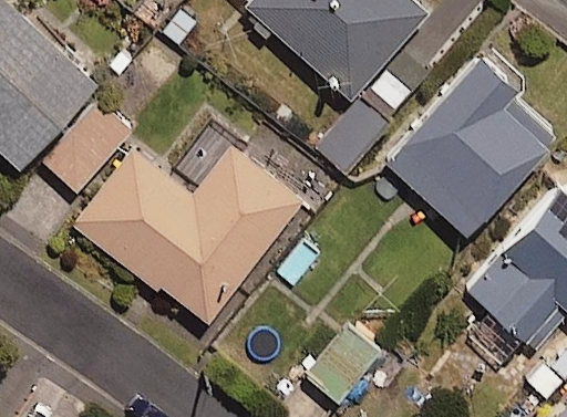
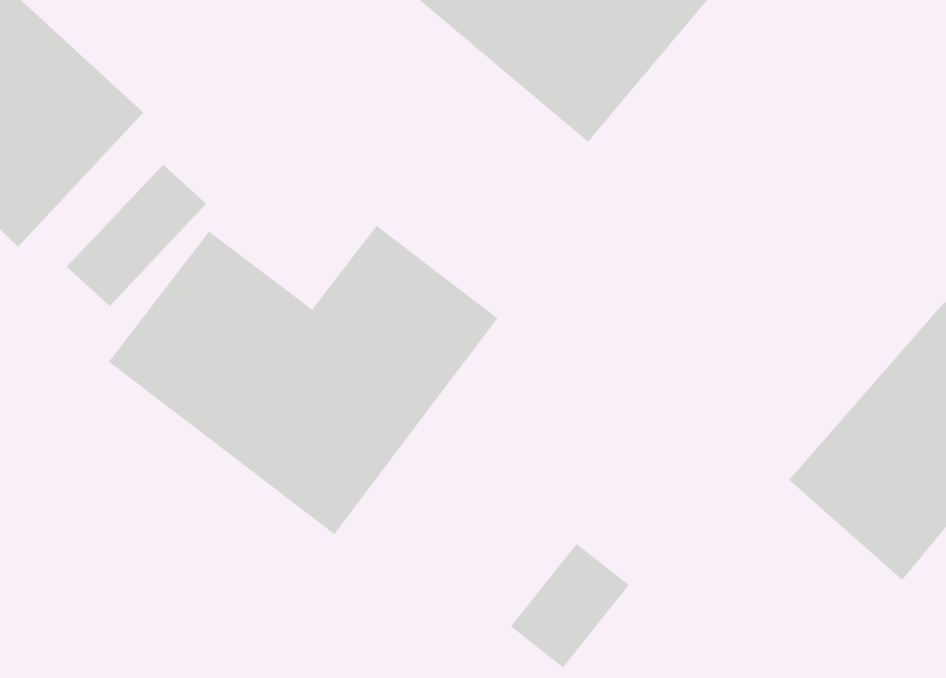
building: [385,56,553,238] -> none

